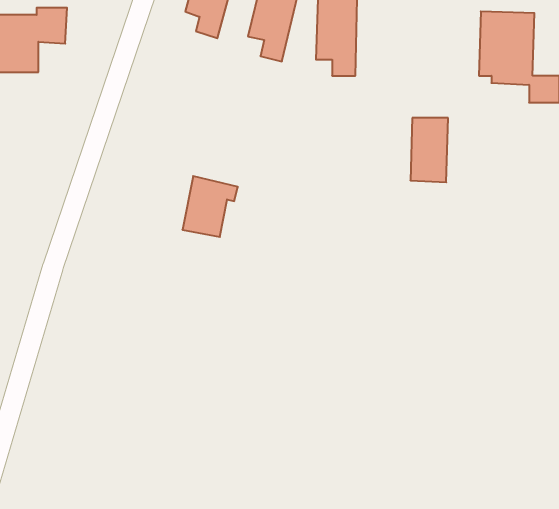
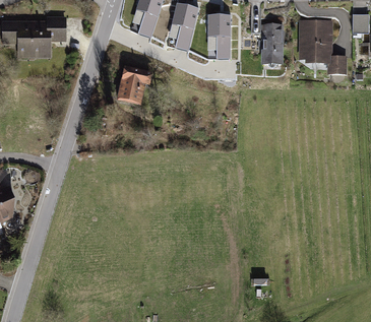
building: [410,118,448,182] -> [261,25,283,62]
building: [182,176,238,237] -> [120,68,151,103]

